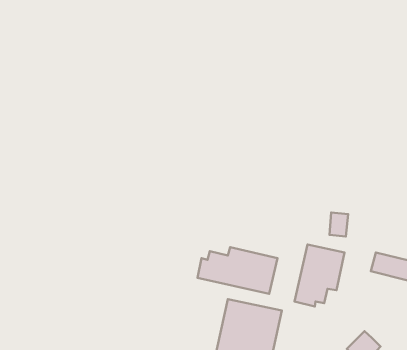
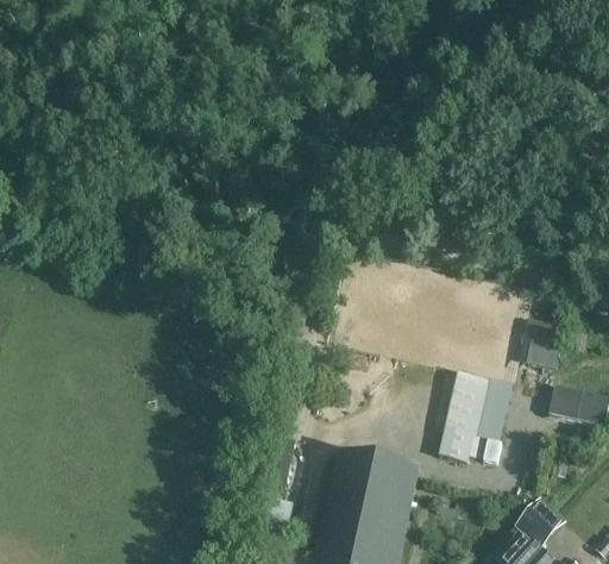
building: [330,212,348,237] -> [530,328,558,364]
building: [197,247,277,294] -> none

